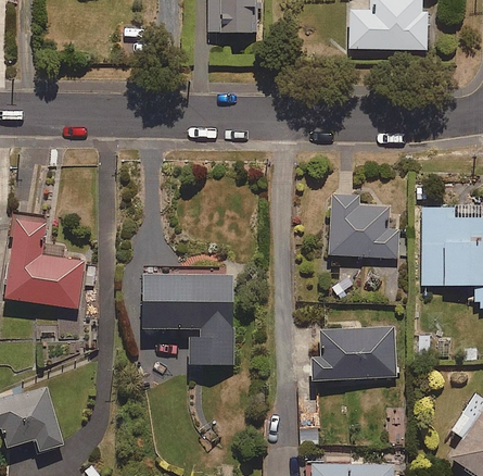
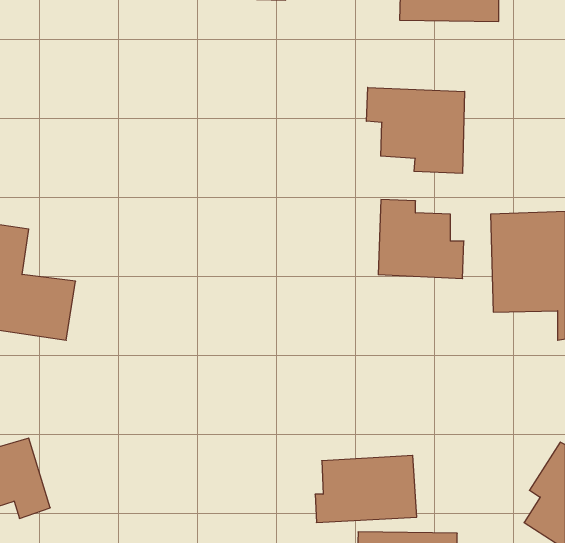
building: none -> [366,87,465,173]
building: [143,275,234,365] -> none
building: [315,326,397,380] -> [315,455,417,522]

